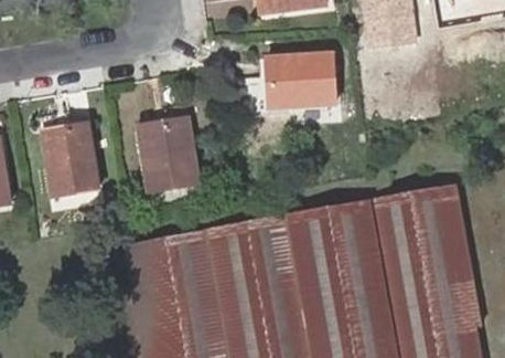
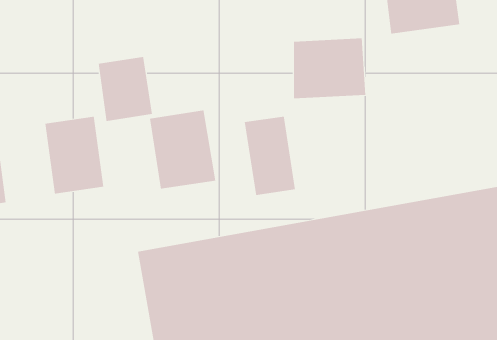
building: none -> [98,56,153,122]
building: none -> [244,116,296,196]

